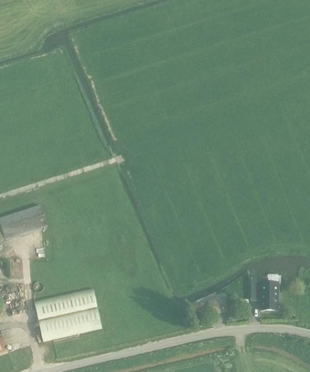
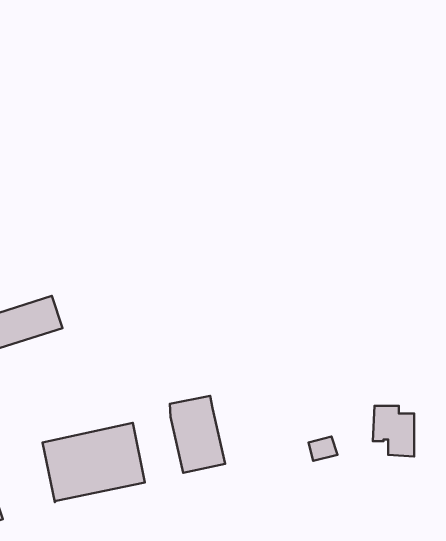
building: none -> [170,396,225,473]

